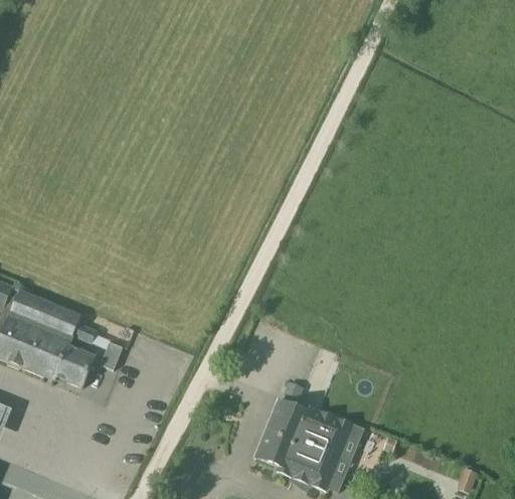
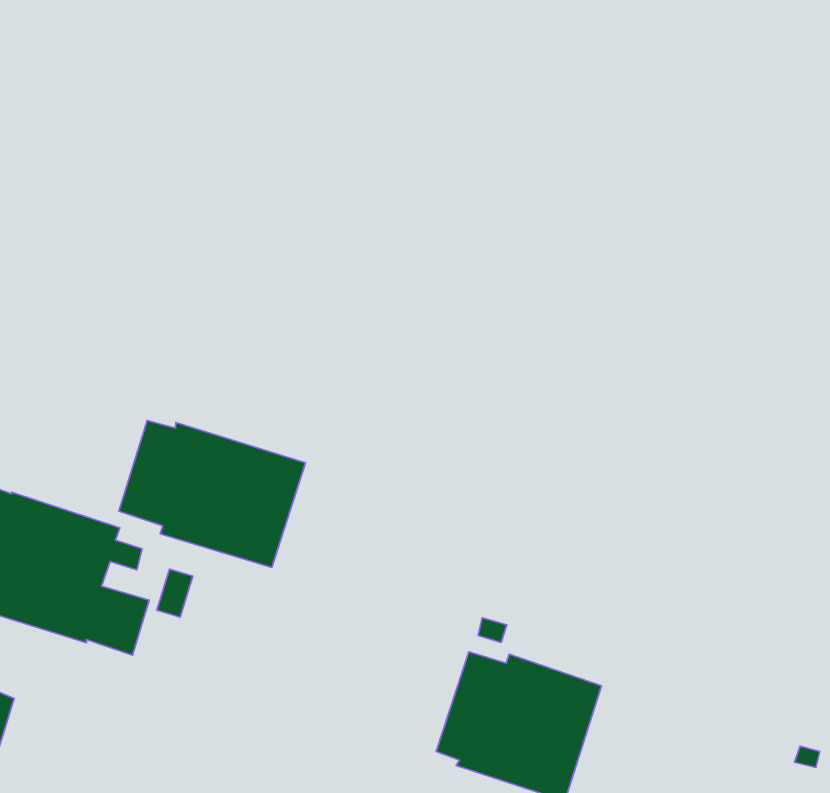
building: none -> [119,420,306,568]

